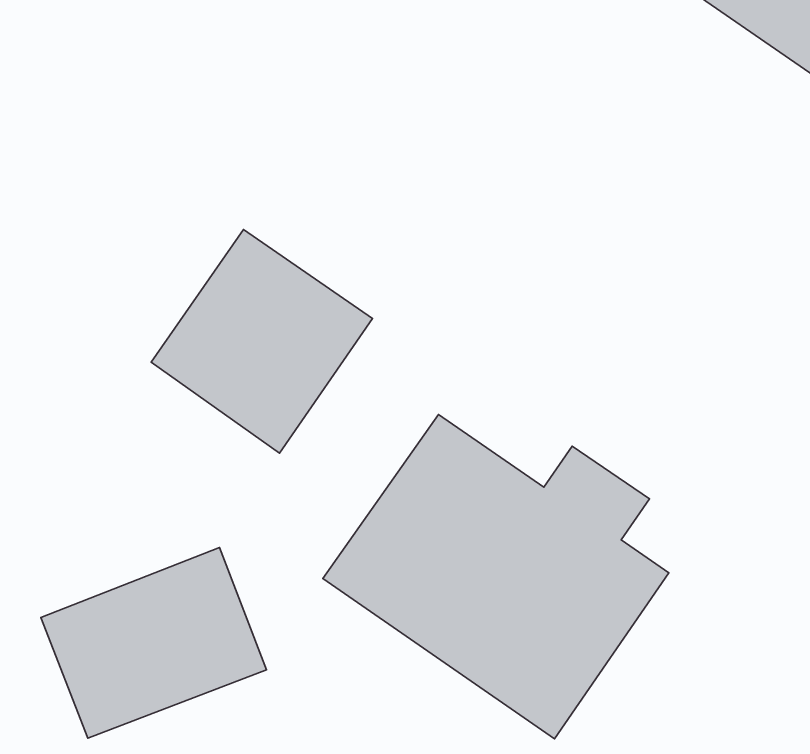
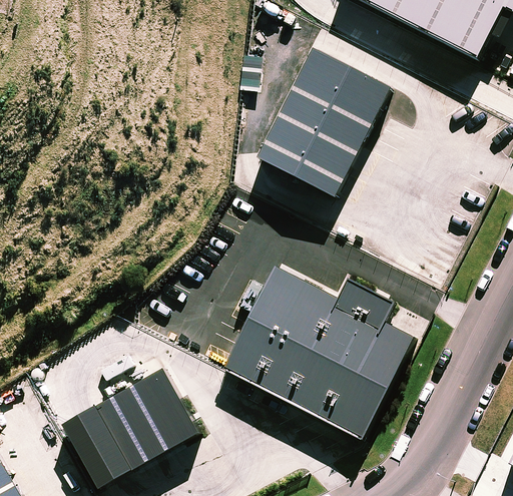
building: none -> [252,46,387,194]
building: [151,230,373,453] -> none

